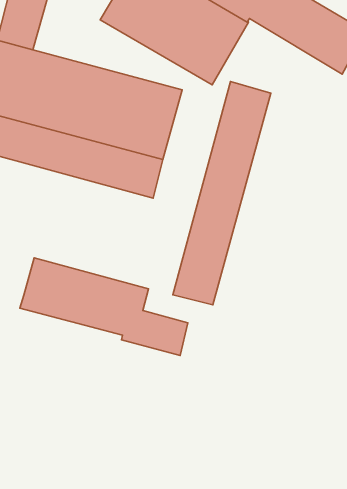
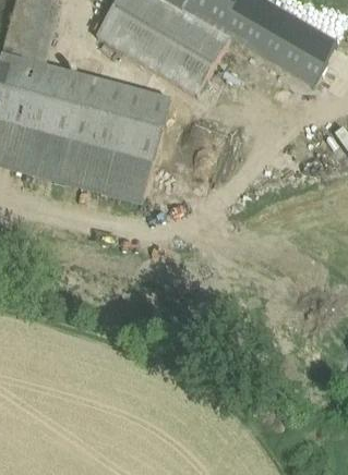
building: [173,81,271,305] -> none
building: [20,258,188,356] -> none

